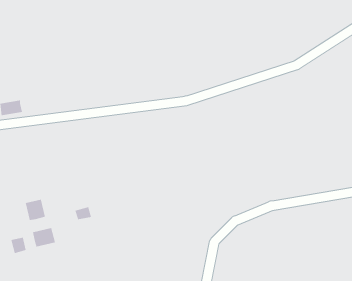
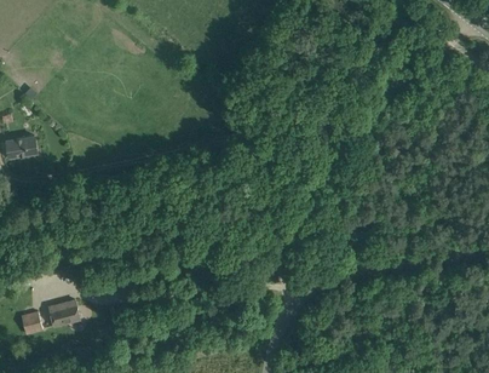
building: [25,199,46,221] -> none

